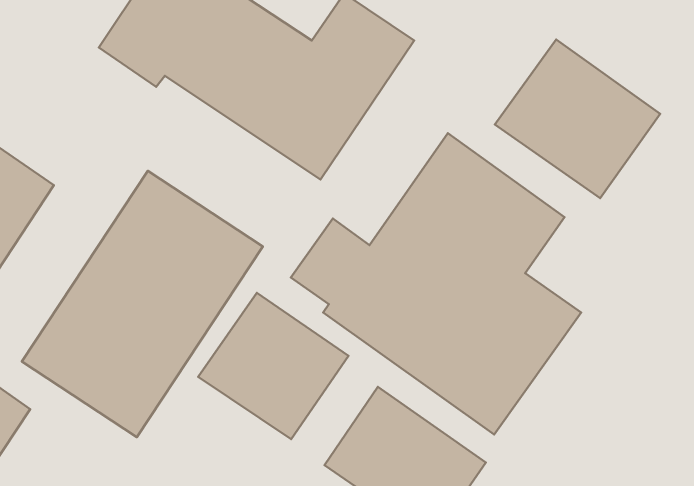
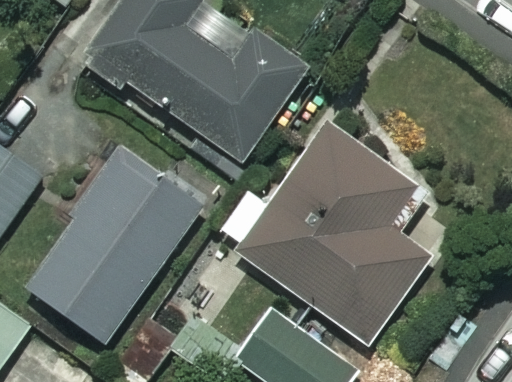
building: [495,39,660,198] -> none
building: [198,293,348,439] -> none

